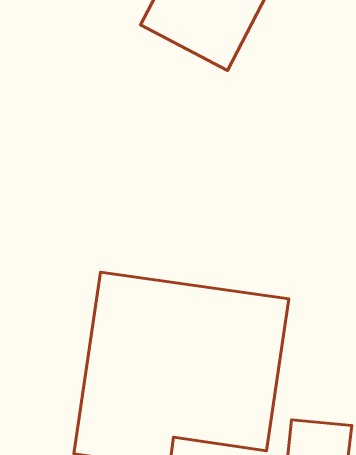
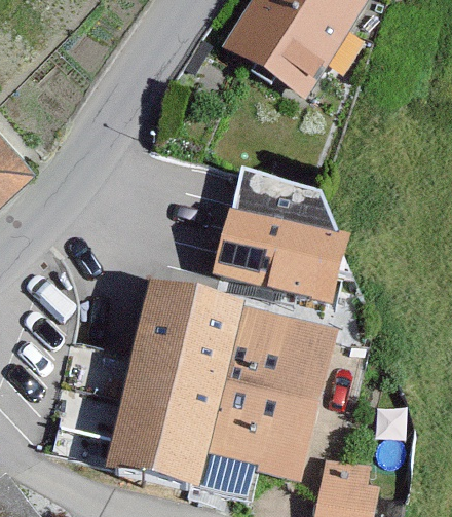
building: none -> [212,176,352,307]

